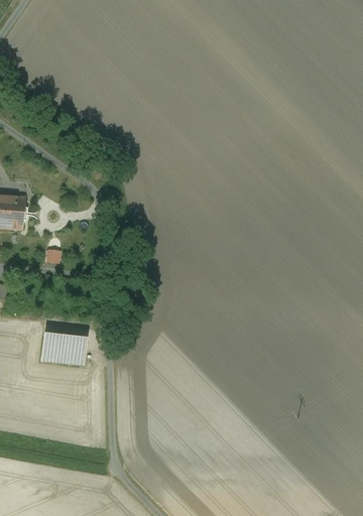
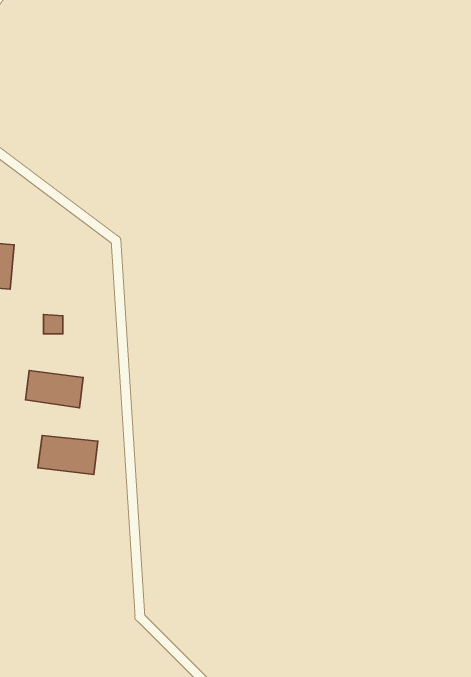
building: none -> [26,371,83,408]

